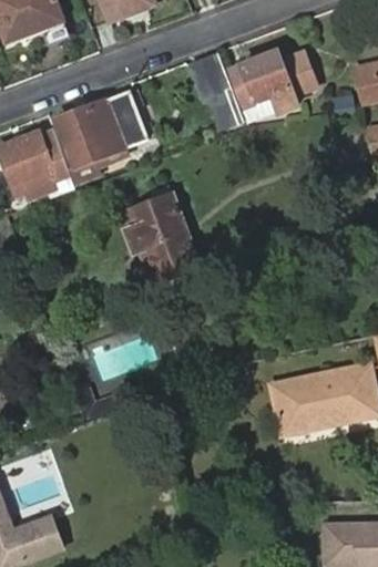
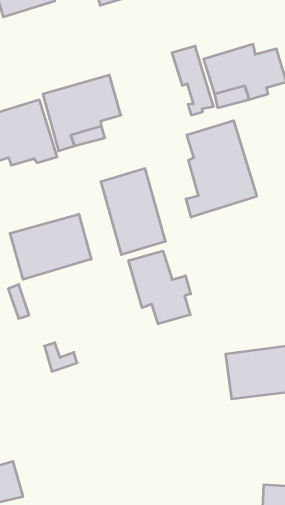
building: none -> [186,121,257,217]
building: none -> [10,214,91,279]
building: none -> [129,251,191,324]

